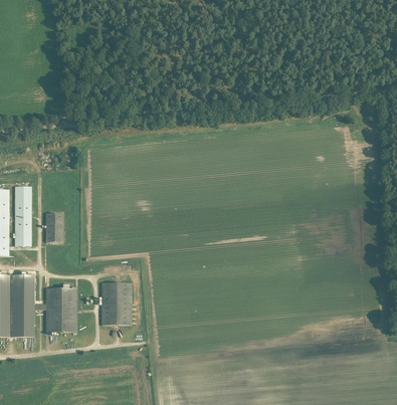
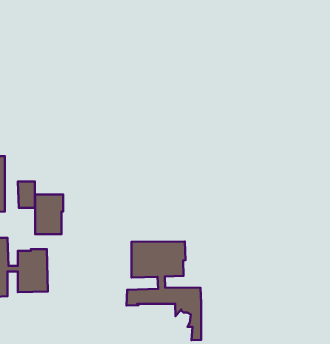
building: none -> [127,241,201,340]
building: [101,283,131,326] -> [35,195,63,234]

